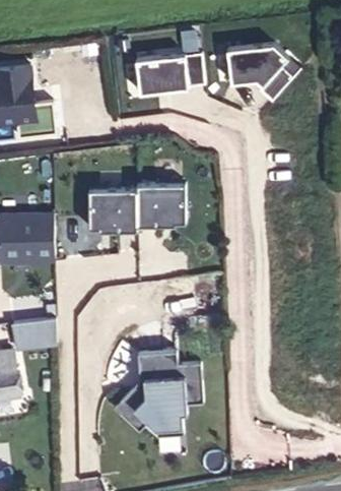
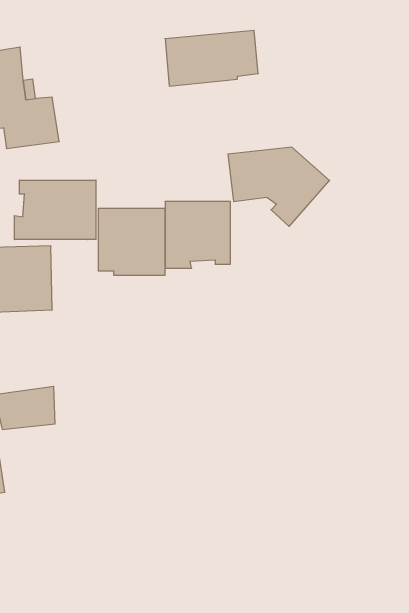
building: [227,46,301,104] -> [228,147,330,226]
building: none -> [14,180,96,240]
building: [112,353,200,438] -> none

